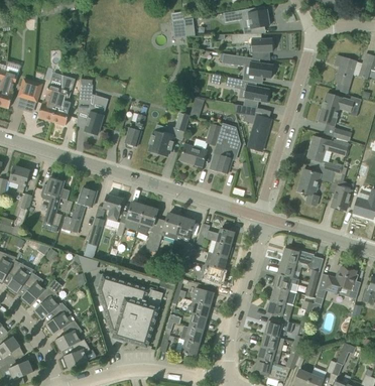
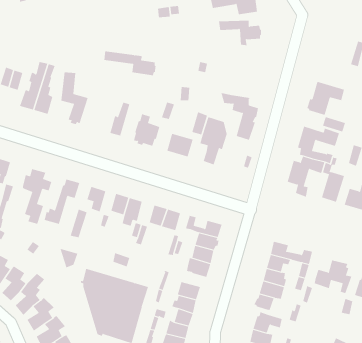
building: [222,53,273,78] -> [104,51,156,76]
building: [335,55,356,93] -> none
building: [226,77,270,102] -> none

